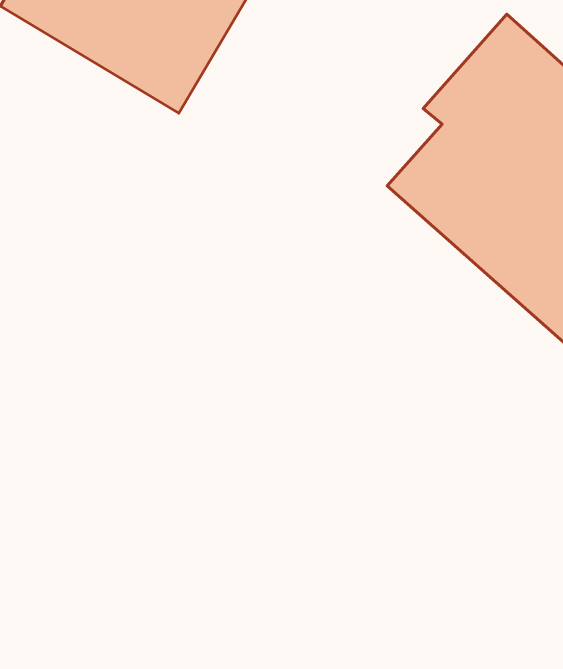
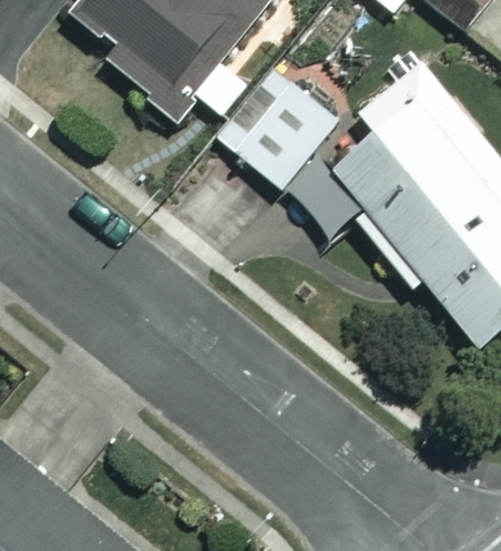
building: none -> [219,72,334,188]

